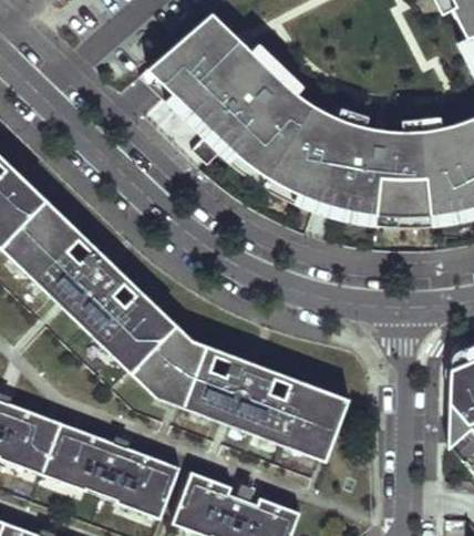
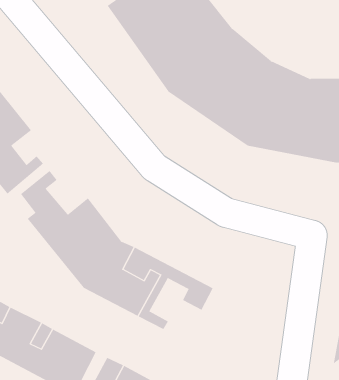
building: [56,228,148,328] -> none
building: [234,375,349,462] -> none

